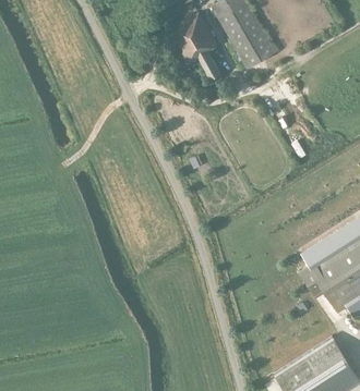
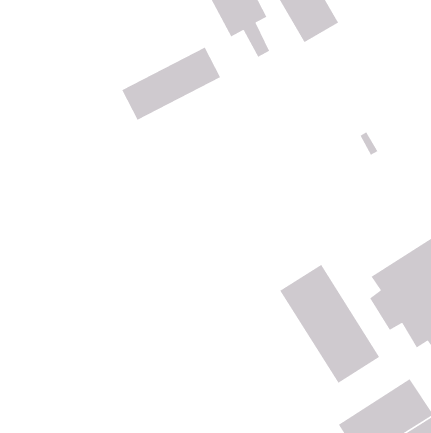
building: none -> [121,47,221,121]
building: none -> [279,264,380,384]

